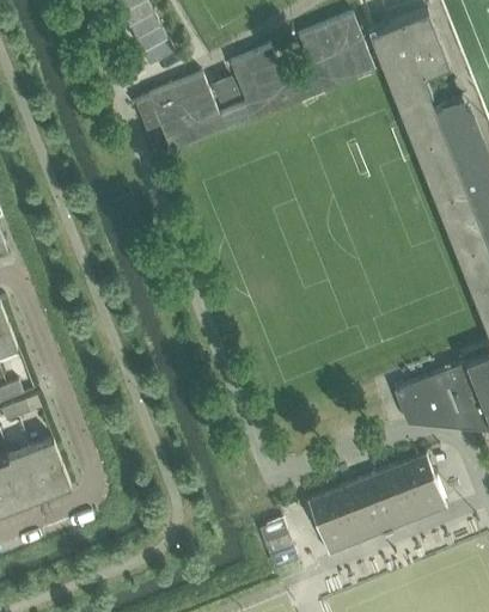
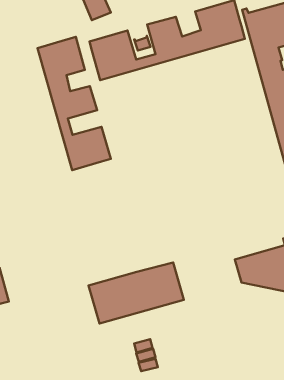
building: none -> [37,37,111,170]
building: [306,454,447,555] -> [89,262,184,324]

